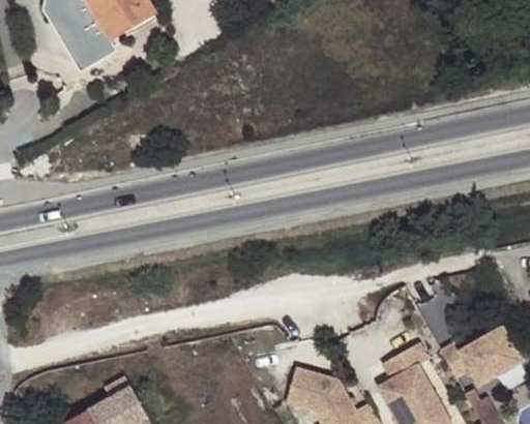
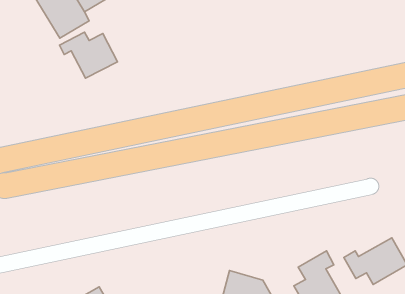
building: none -> [59,32,117,78]

